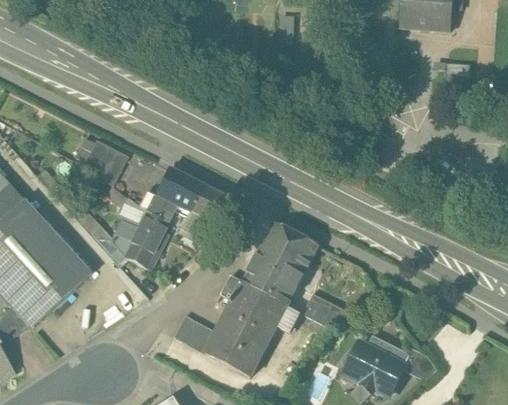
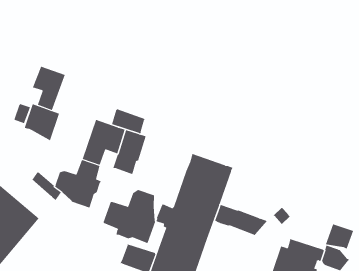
building: none -> [32,66,65,111]
building: none -> [111,109,146,134]
building: none -> [103,189,156,244]
building: none -> [325,223,354,249]

